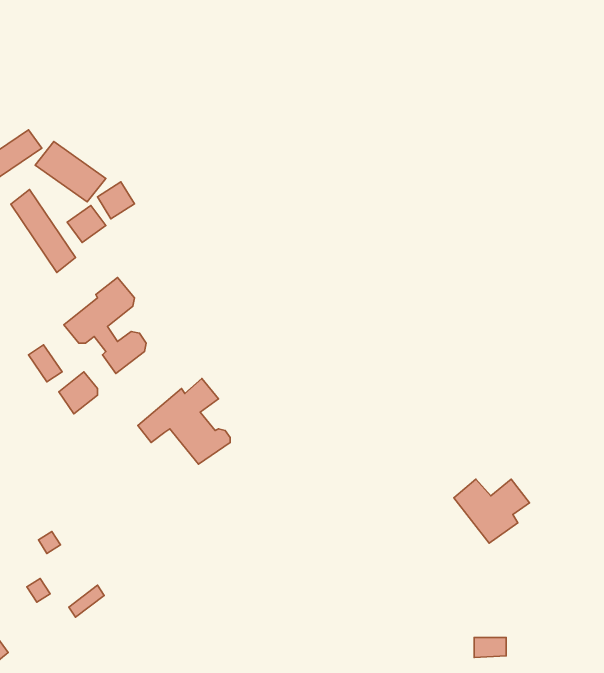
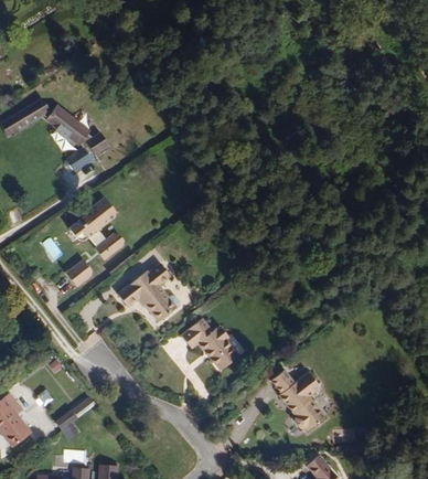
building: [11,189,76,272] -> none
building: none -> [182,317,236,366]
building: [454,479,530,543] -> [271,368,321,409]

